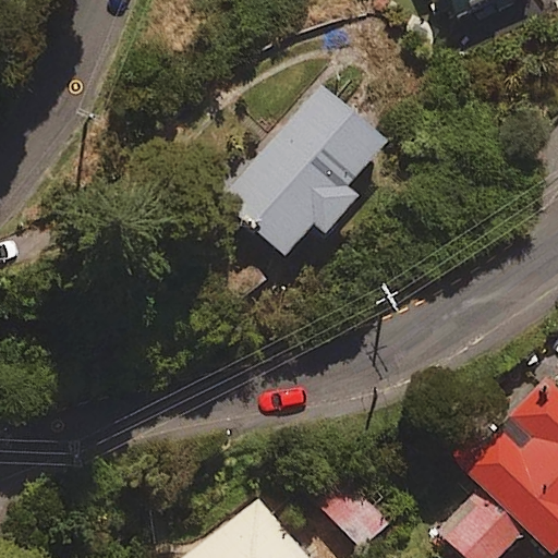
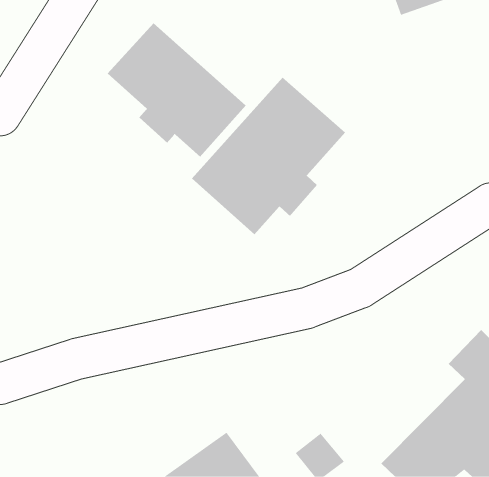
building: none -> [107,23,247,157]

